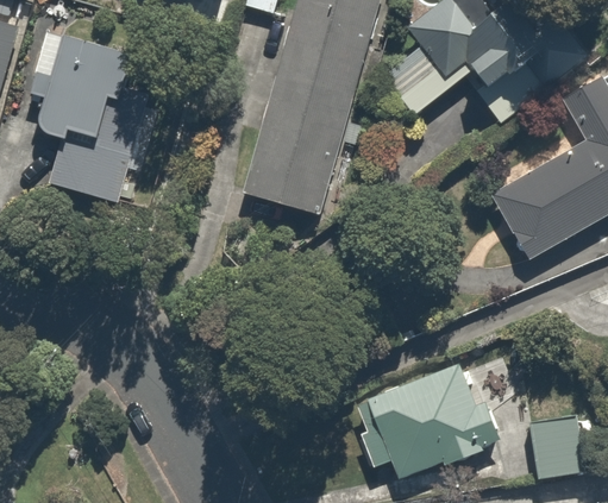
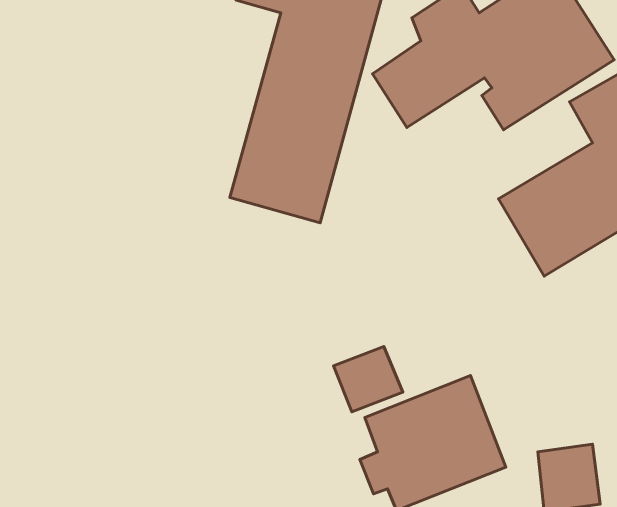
building: [33,30,162,196] -> none
building: none -> [334,346,403,412]

